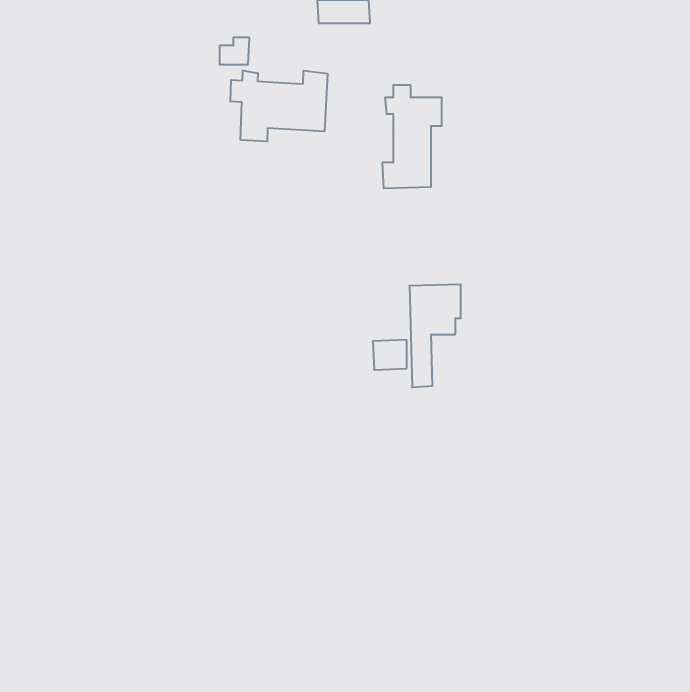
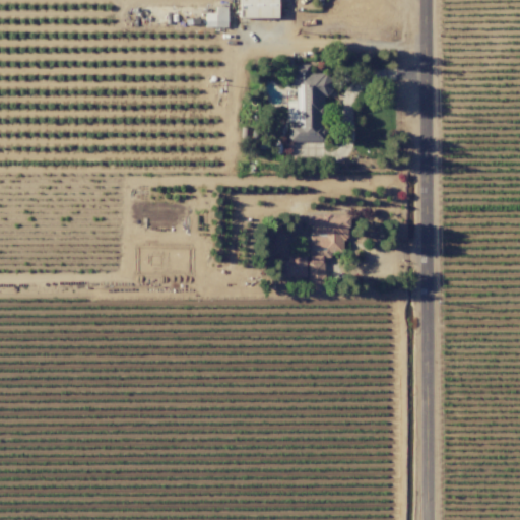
building: [220,38,249,65] -> [206,6,229,26]
building: [230,71,328,142] -> none

